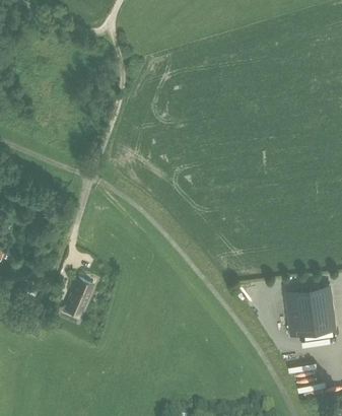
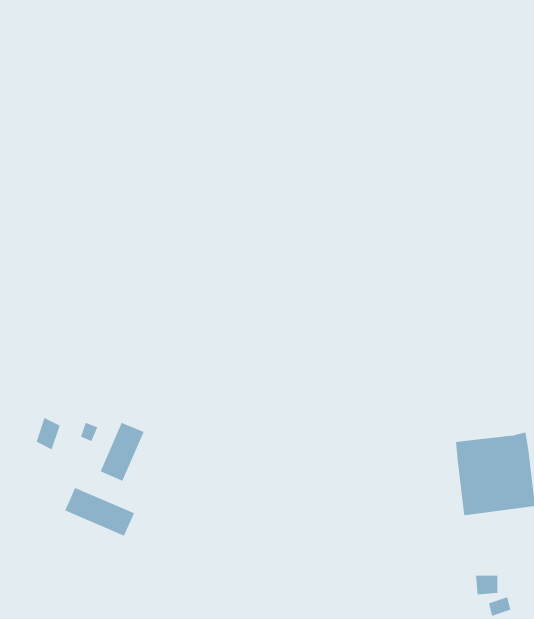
building: none -> [65,487,135,537]

